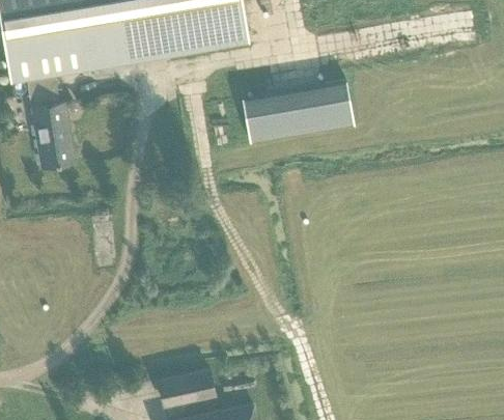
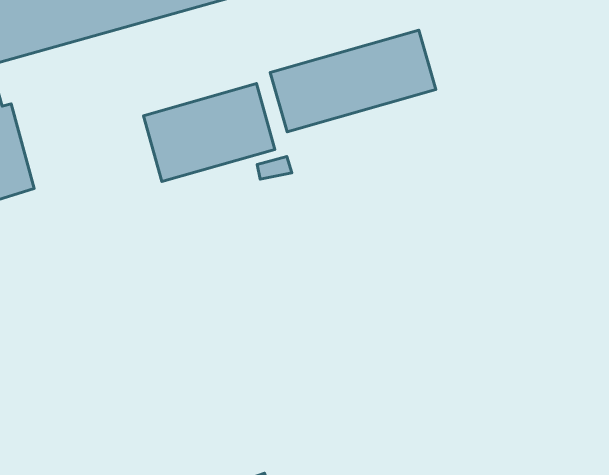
building: none -> [143,84,275,182]

